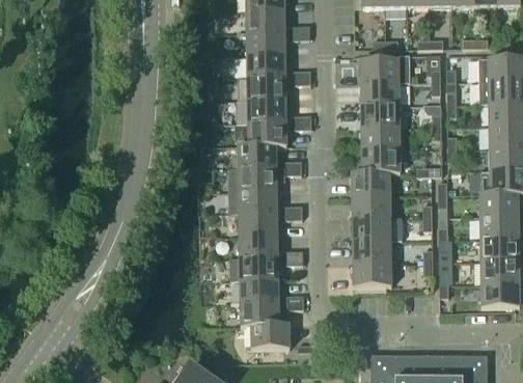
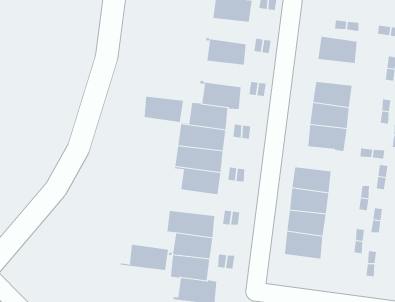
building: [247,54,285,77] -> none
building: [360,81,400,105] -> none
building: [247,99,286,121] -> [144,96,184,122]
building: [352,171,390,195] -> none
building: [230,235,278,257] -> [120,244,169,270]

